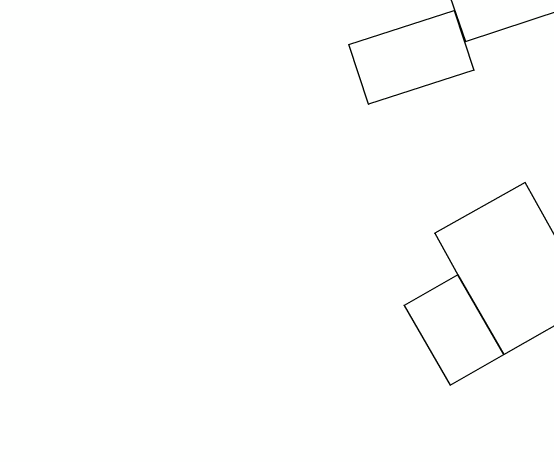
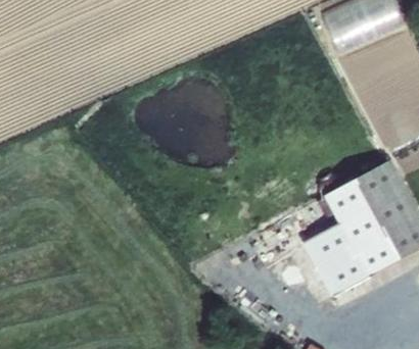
building: [349,11,474,104] -> none

